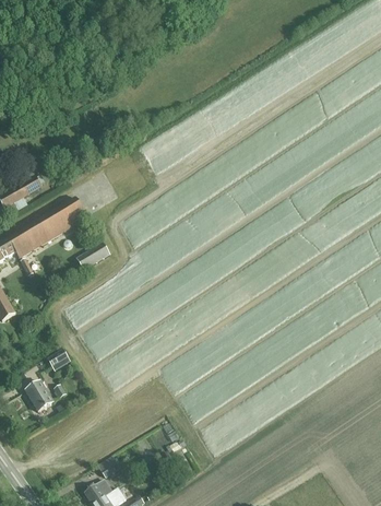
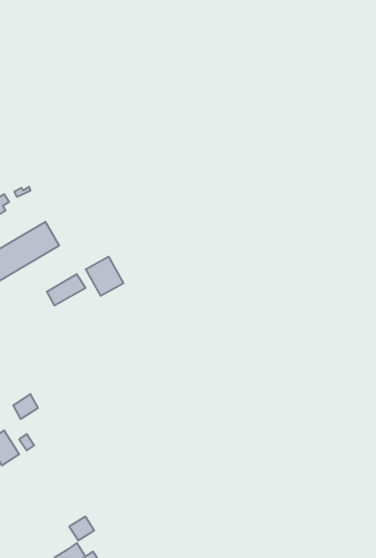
building: none -> [86,257,123,296]

